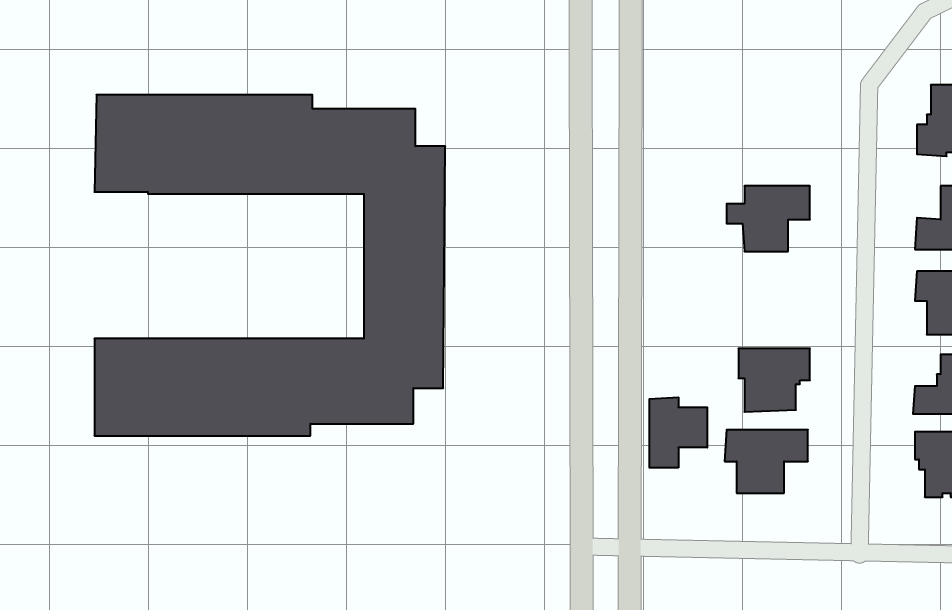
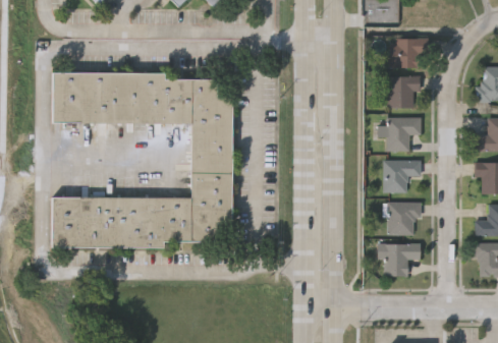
building: none -> [386,41,427,71]
building: none -> [387,78,420,110]
building: none -> [383,161,420,193]
building: [649,397,707,468] -> none

